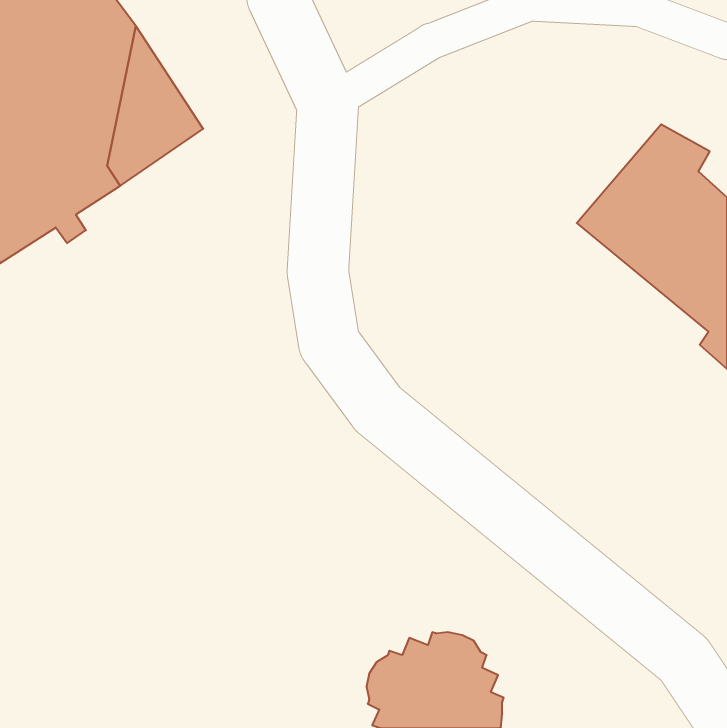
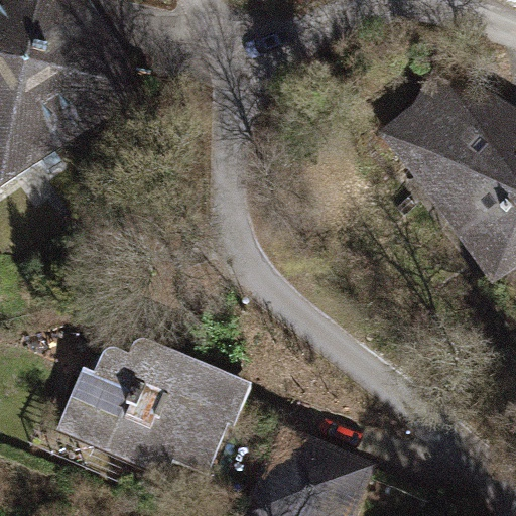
building: none -> [56,344,248,476]

